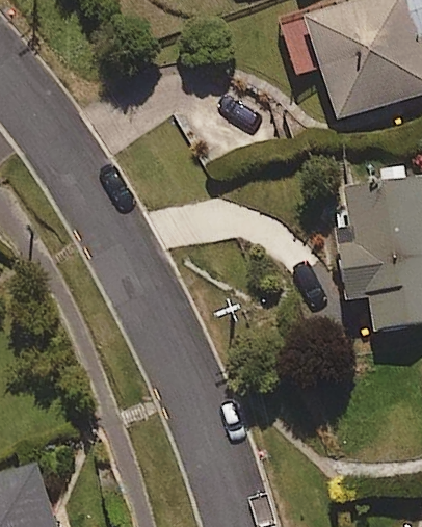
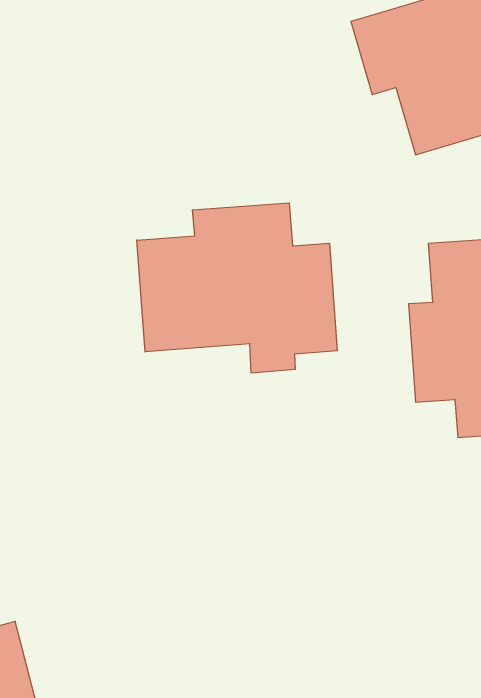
building: none -> [137,203,337,373]

